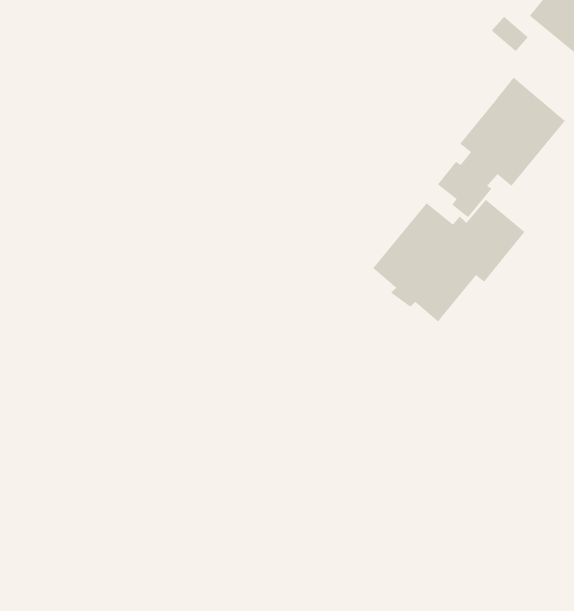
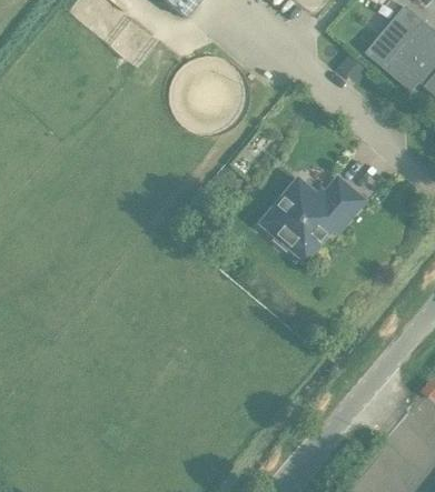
building: [437,77,566,218] -> none

